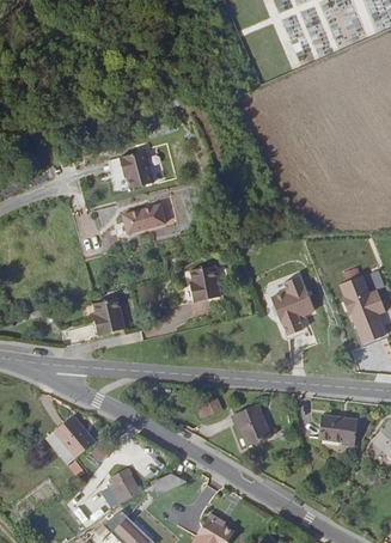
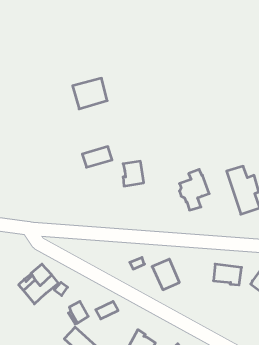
building: [126,202,169,232] -> [82,147,112,167]
building: [94,298,124,337] -> none

